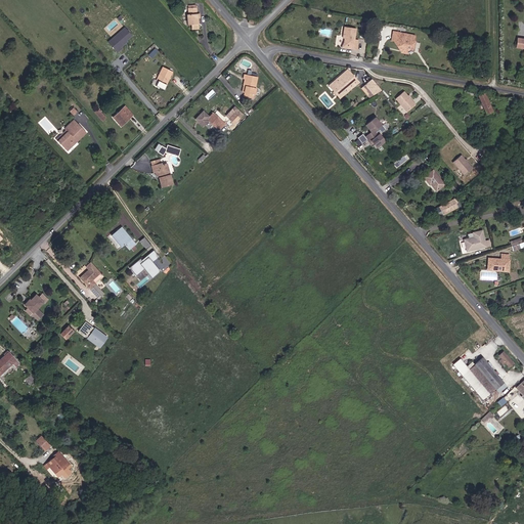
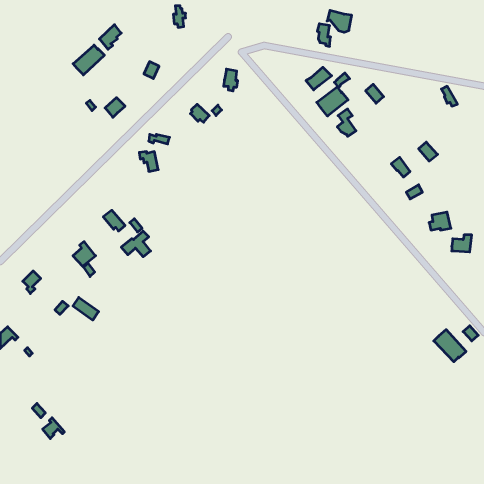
building: [390,30,417,53] -> [327,10,352,32]
building: none -> [73,45,104,75]
building: none -> [317,87,348,116]
building: [56,120,88,151] -> none

